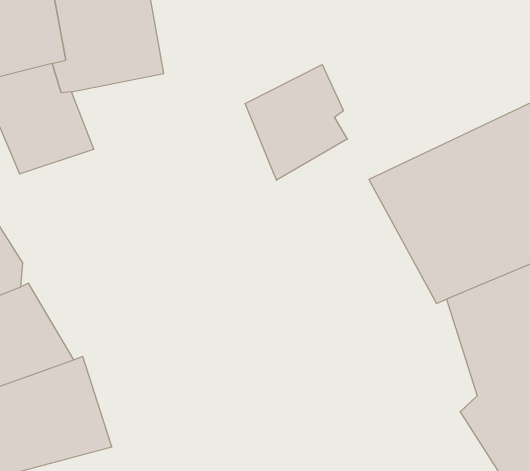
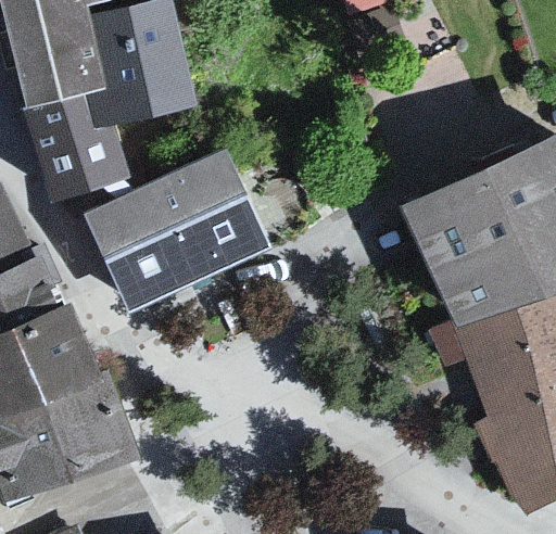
building: [245,65,347,180] -> none
building: none -> [86,149,264,317]

